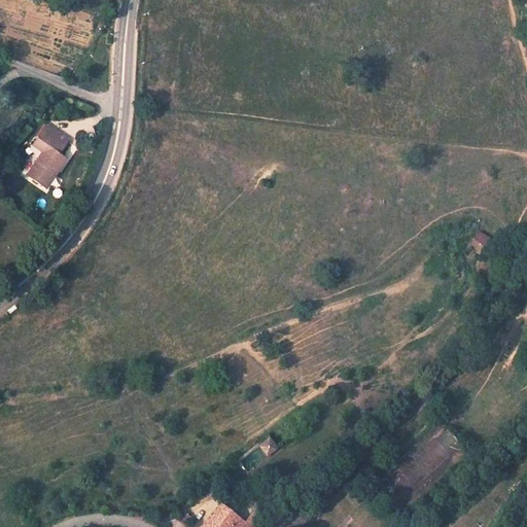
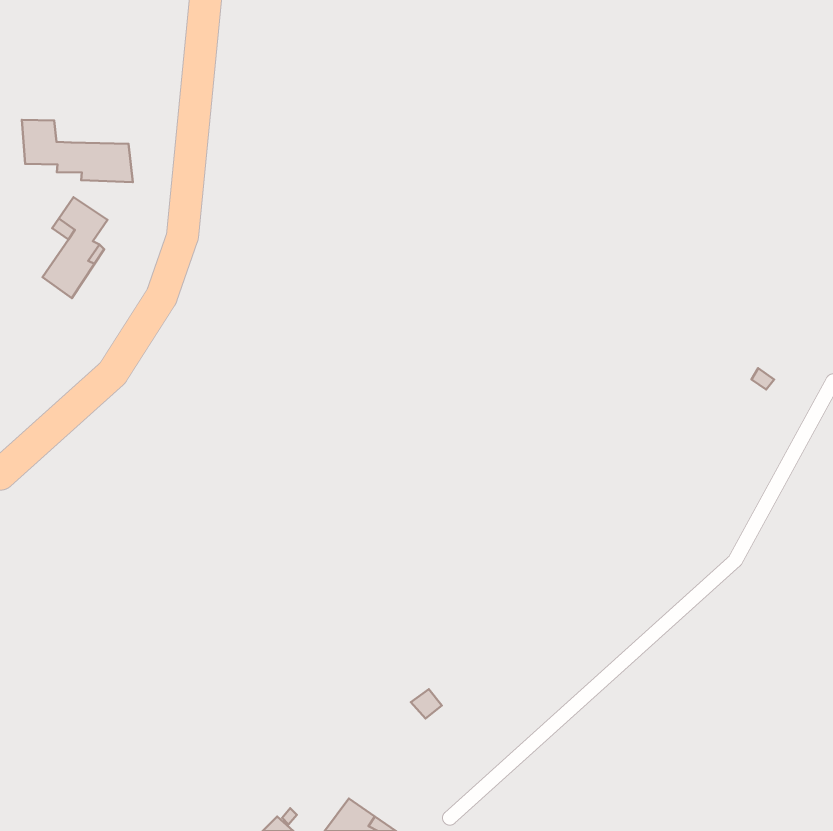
building: none -> [22,120,133,182]

